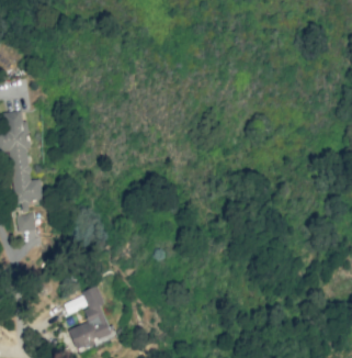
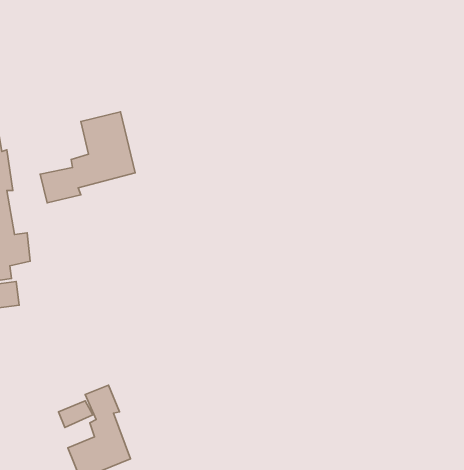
building: none -> [40,112,135,203]

